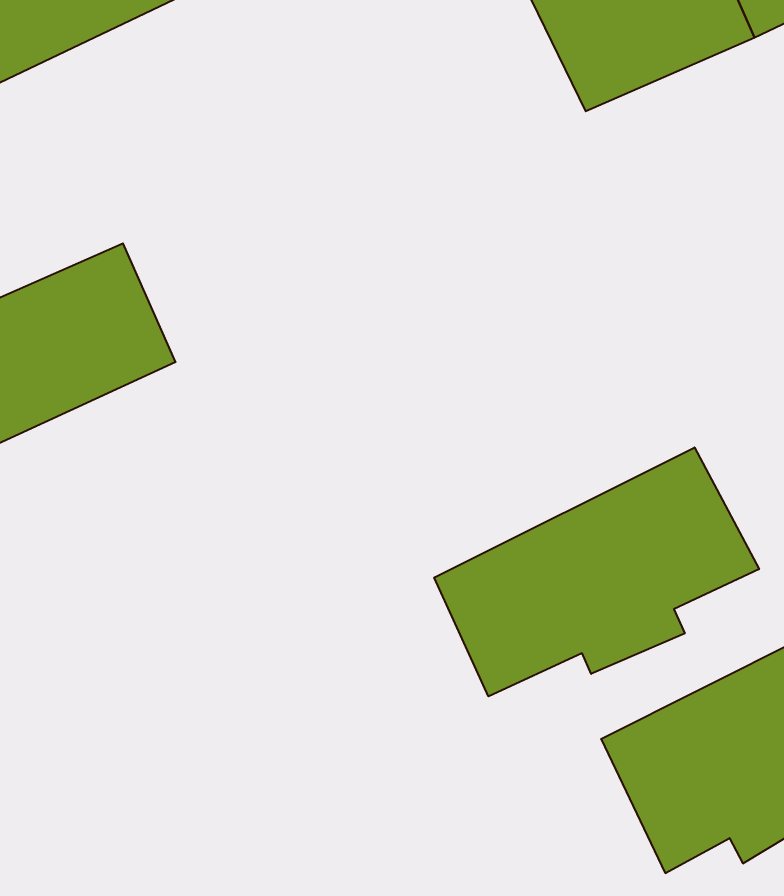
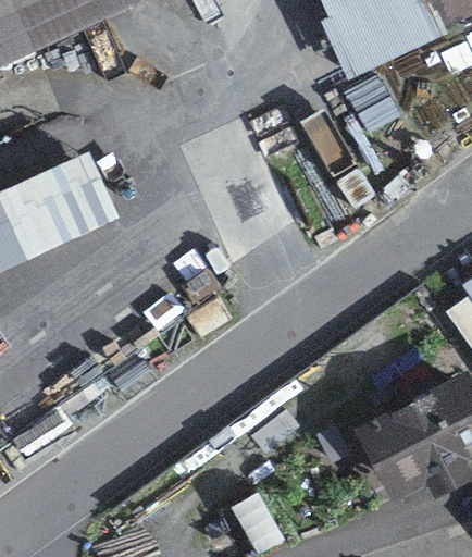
building: [434,447,759,696] -> none

